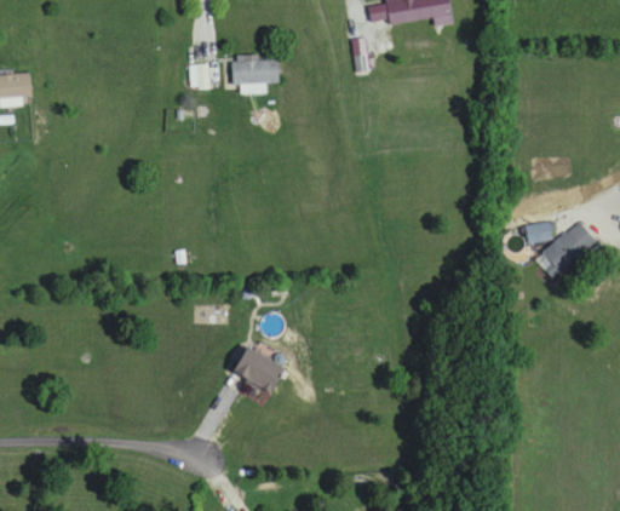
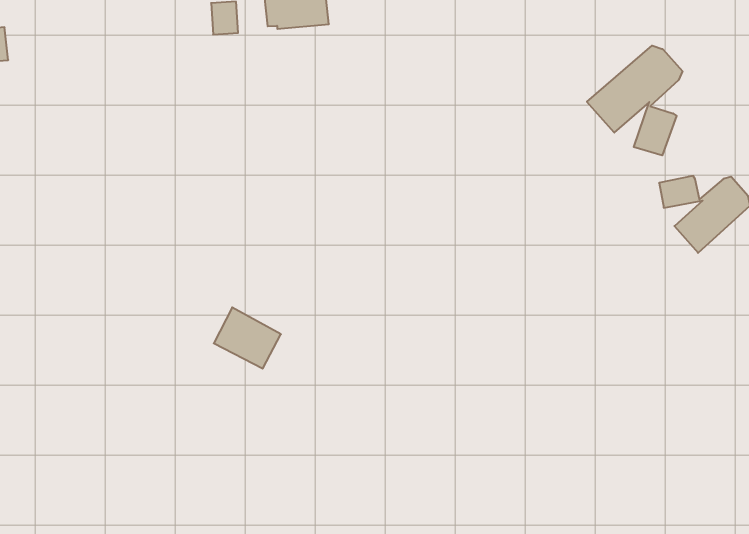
building: none -> [587,46,682,155]
building: [230,345,282,394] -> [214,307,281,369]

